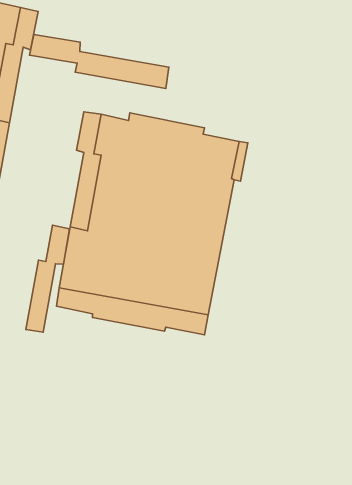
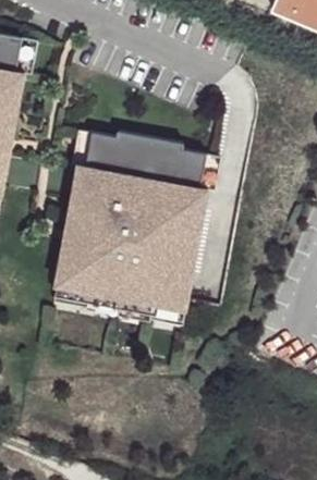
building: [29,34,169,88] -> none
building: [26,225,69,332] -> none

